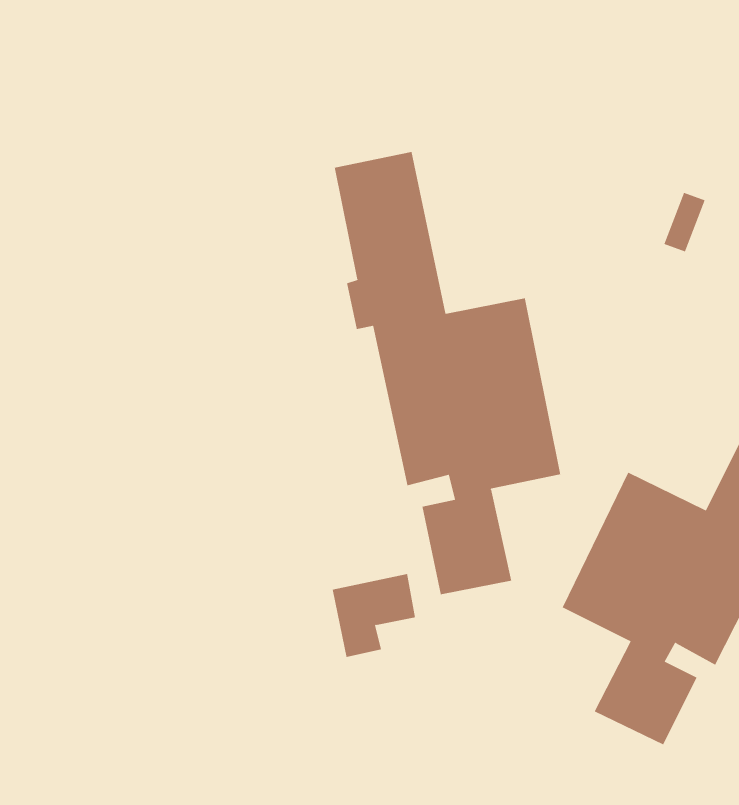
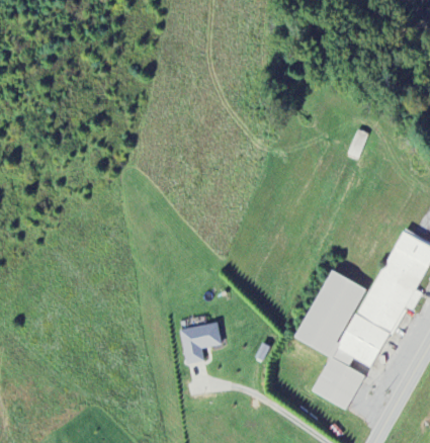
building: [334,151,561,595] -> none

